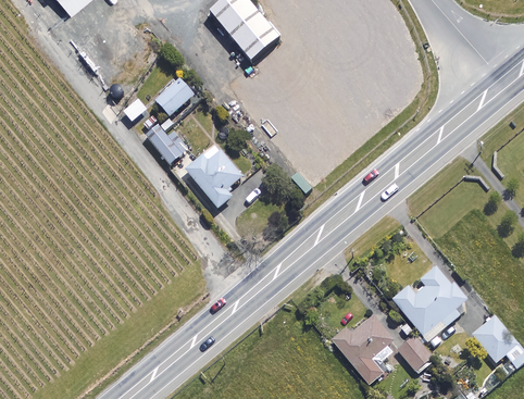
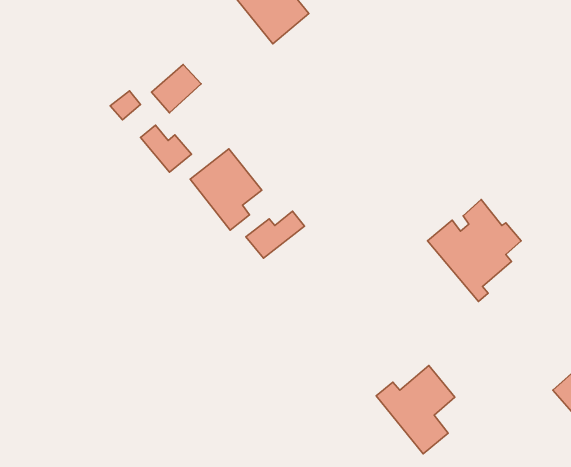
building: none -> [246,211,304,258]
building: [392,266,466,347] -> [427,199,521,302]
building: [398,336,434,373] -> none

